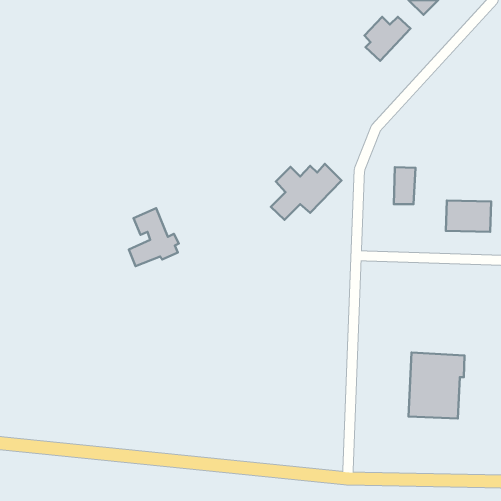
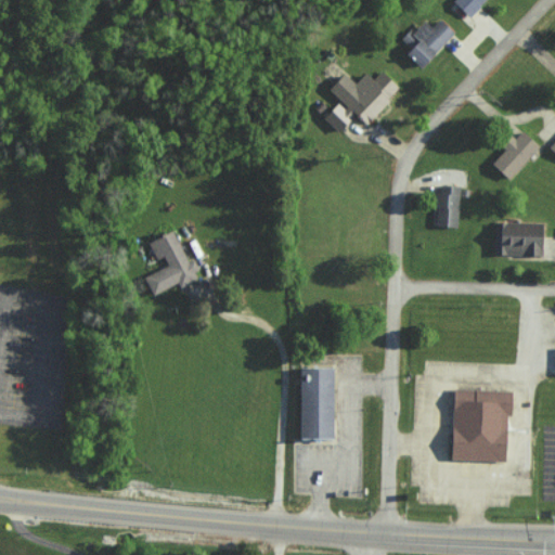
building: none -> [491,130,539,180]
building: [271,164,342,220] -> [322,70,400,132]
building: none -> [301,370,335,440]

